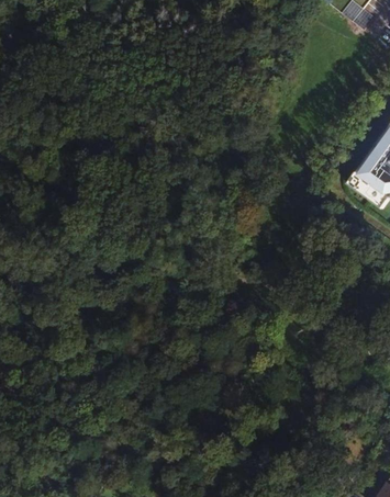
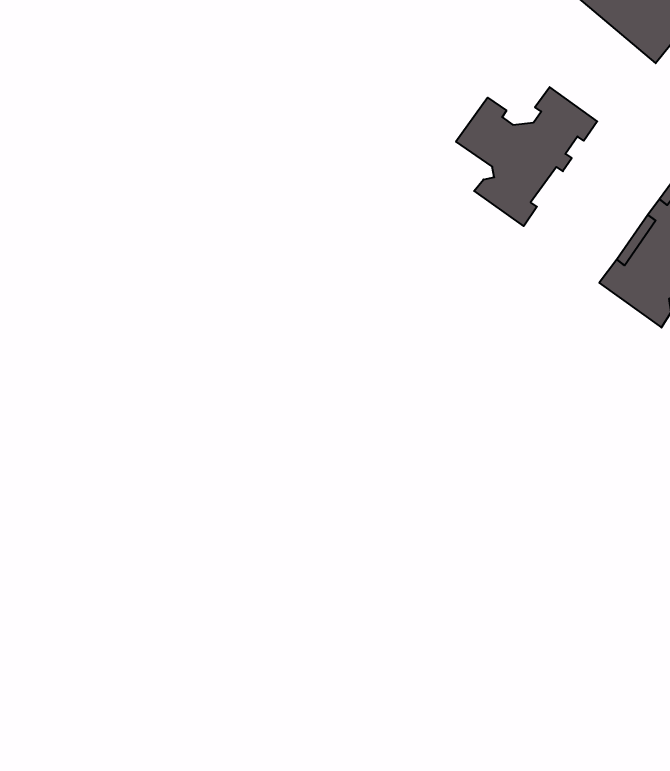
building: none -> [456,87,597,226]

